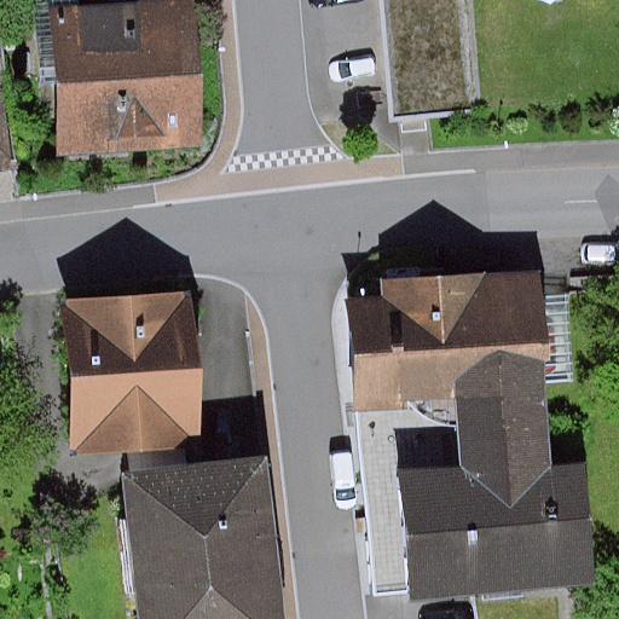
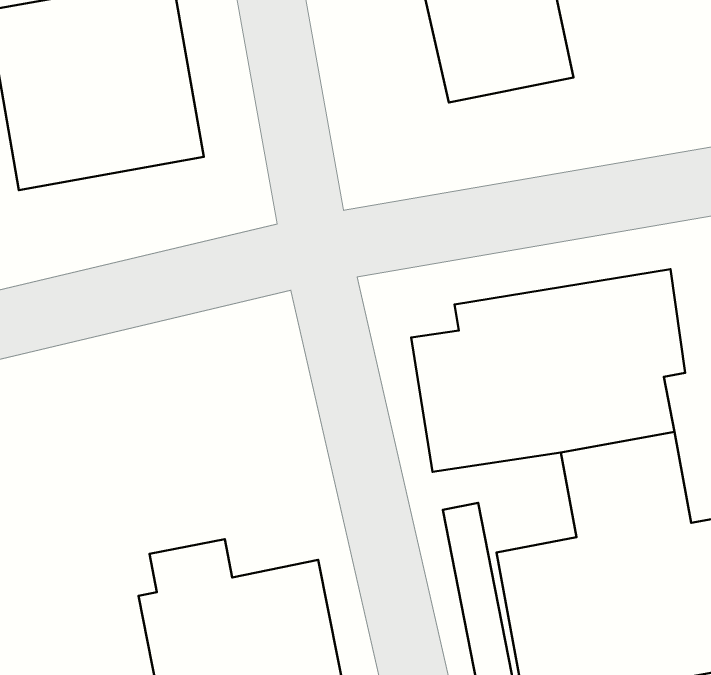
building: [62,287,203,449] -> none

